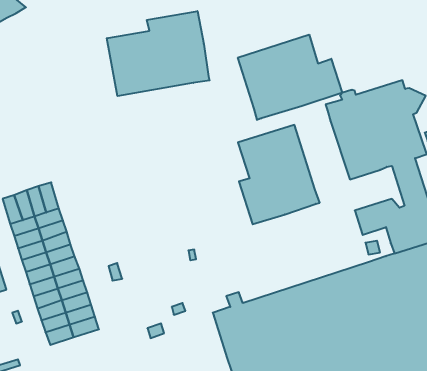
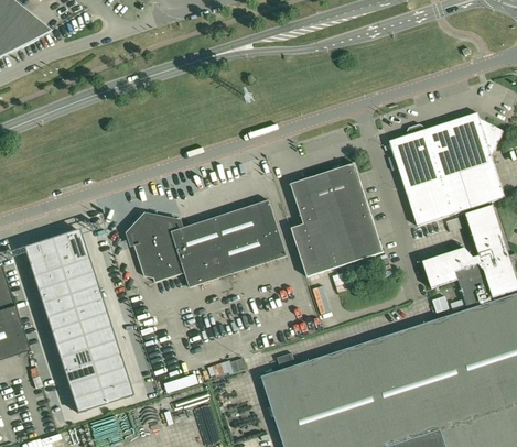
building: [107,11,210,96] -> none
building: [238,35,342,120] -> none
building: none -> [132,199,288,285]

